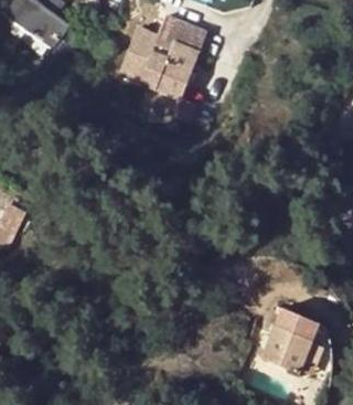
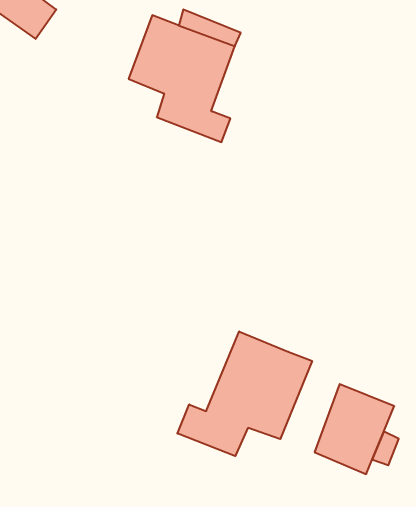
building: none -> [177,331,312,456]

